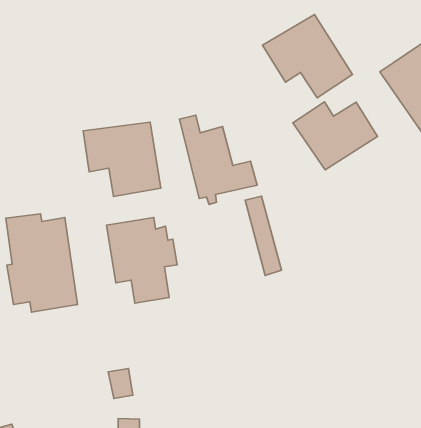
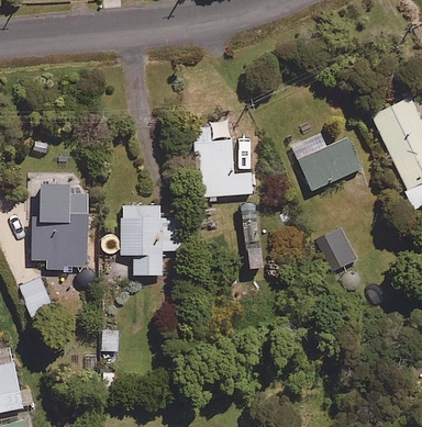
building: [262,15,353,98] -> none
building: [83,122,161,197] -> none
building: none -> [314,226,356,271]

